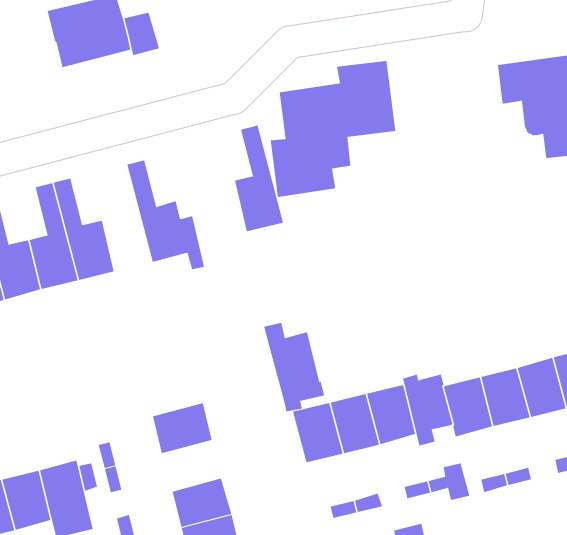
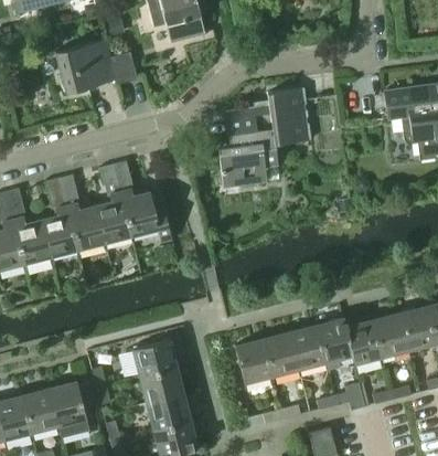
building: [234,125,284,232] -> [96,165,132,243]
building: [264,322,325,412] -> none
building: none -> [139,367,183,404]

